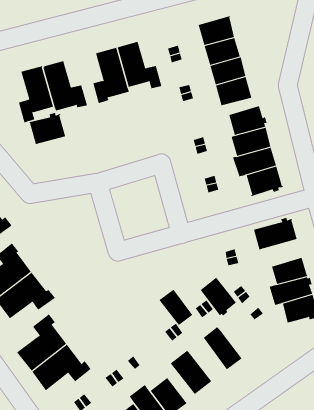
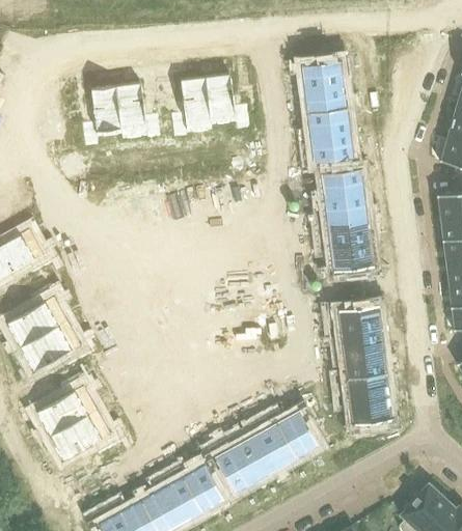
building: [28,112,66,145] -> none
building: none -> [338,330,382,357]
building: [200,277,237,317] -> [277,412,318,458]
building: [159,289,193,326] -> [238,436,275,479]

